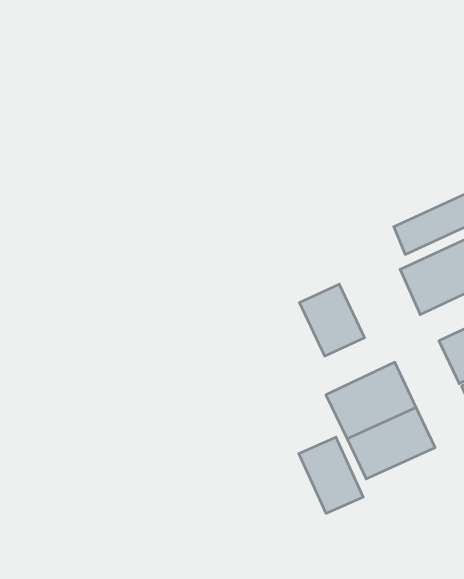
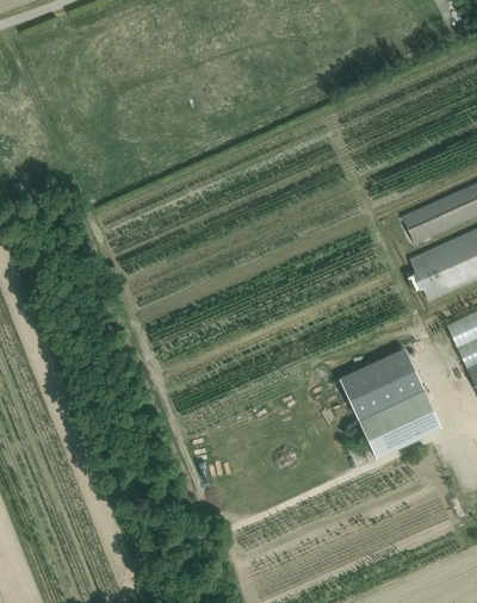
building: [299,284,365,356] -> none
building: [299,437,363,513] -> none

